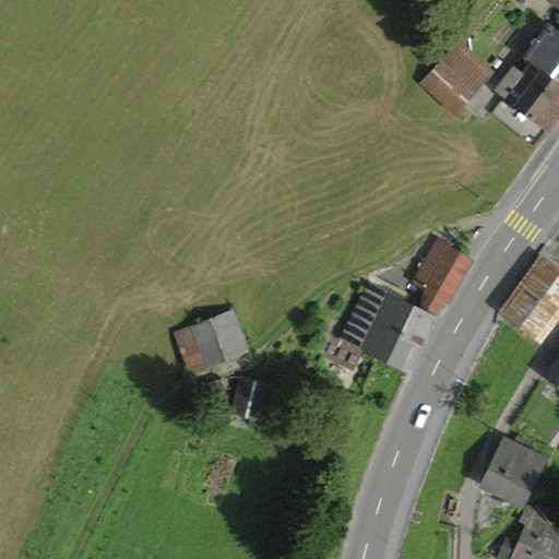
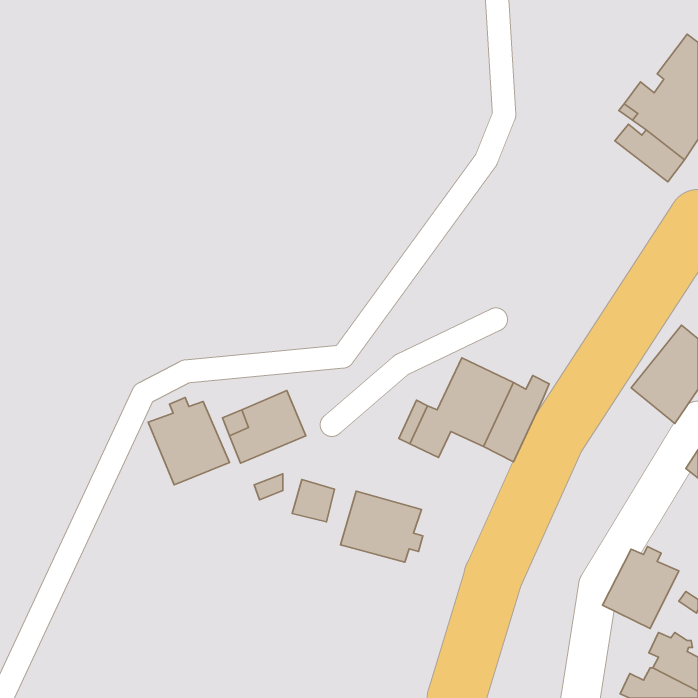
building: [424,45,486,110] -> none
building: [414,240,472,307] -> none
building: none -> [148,398,229,485]
building: none -> [340,491,423,562]

